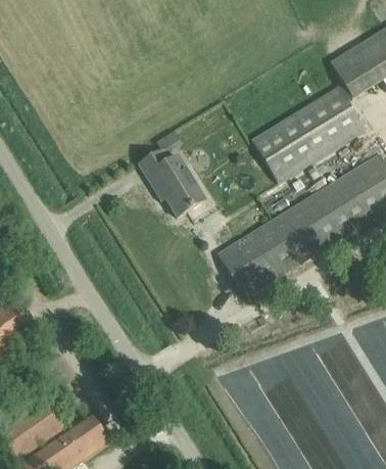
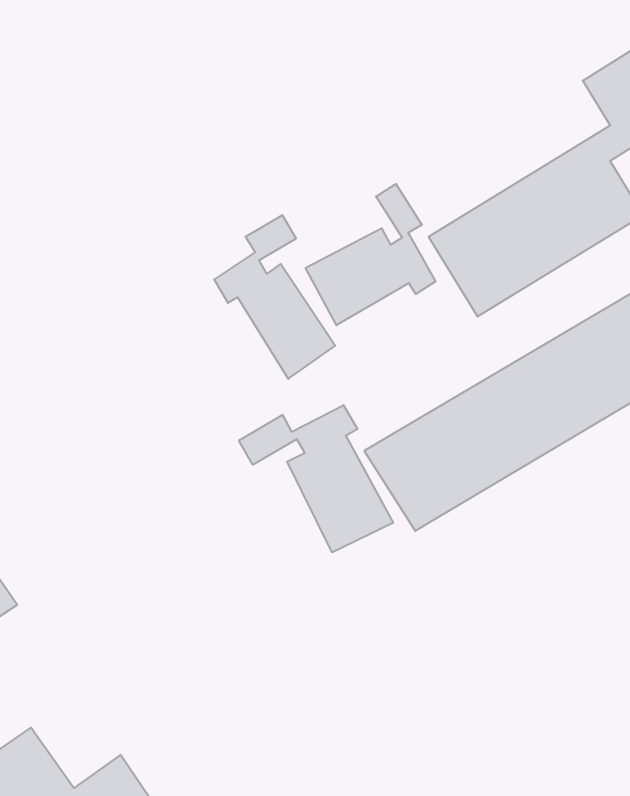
building: none -> [306,184,436,325]
building: none -> [239,405,393,552]

